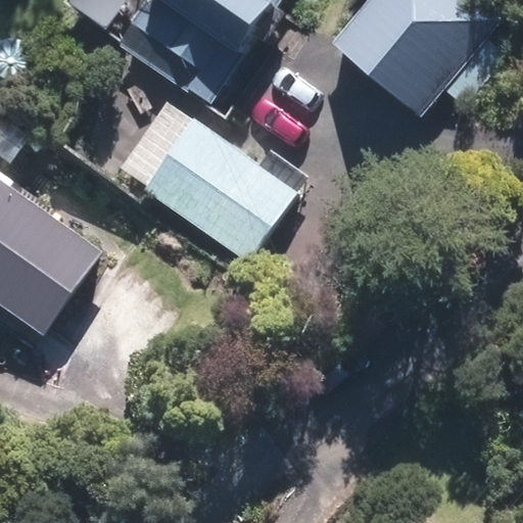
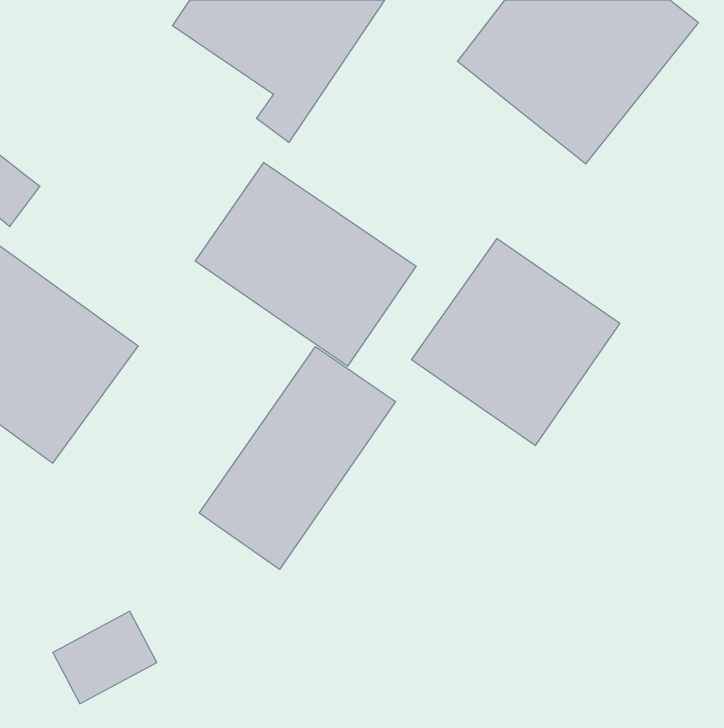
building: none -> [412,239,620,446]
building: none -> [199,347,396,569]

